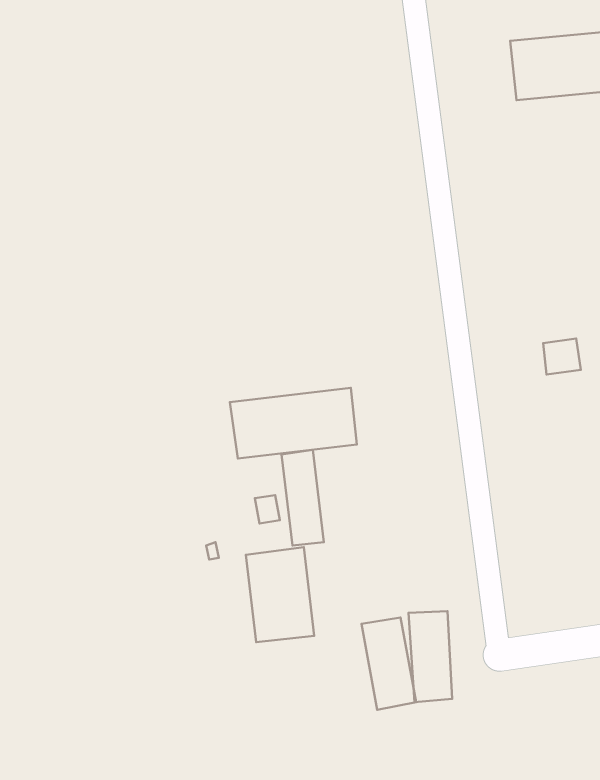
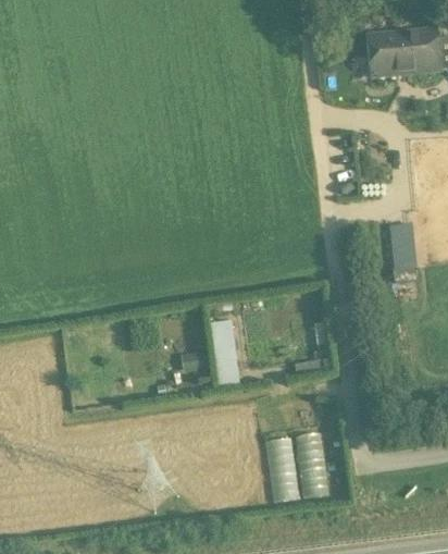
building: [230,388,357,459] -> none
building: [246,547,314,642] -> none

